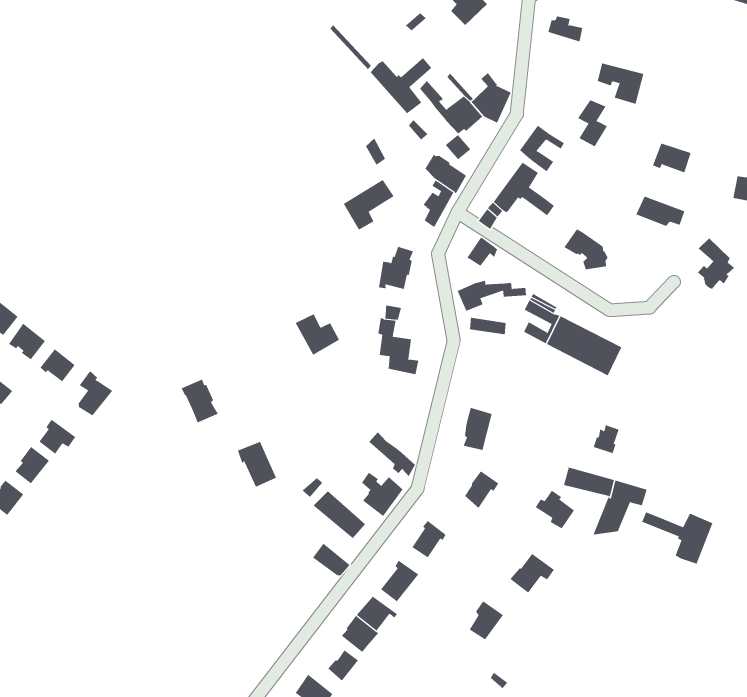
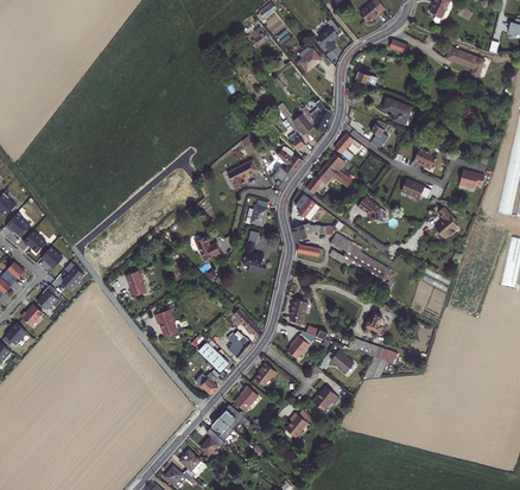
building: [370,57,432,114] -> none
building: [641,512,713,564] -> none

